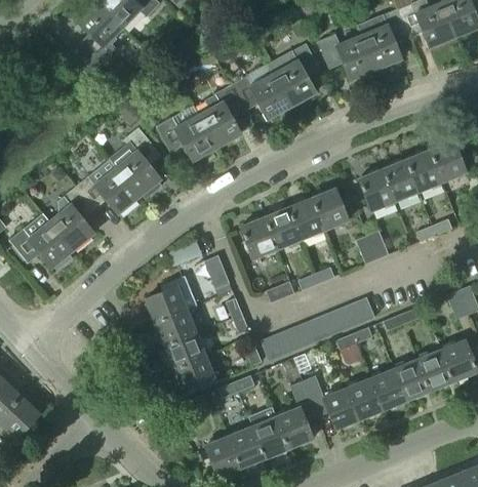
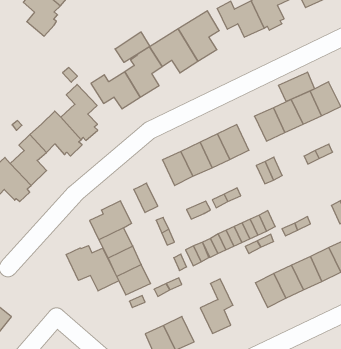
building: none -> [115,32,150,62]
building: none -> [279,72,314,101]
building: none -> [66,246,119,291]
building: [303,374,360,428] -> none
building: [249,406,289,456] -> none

